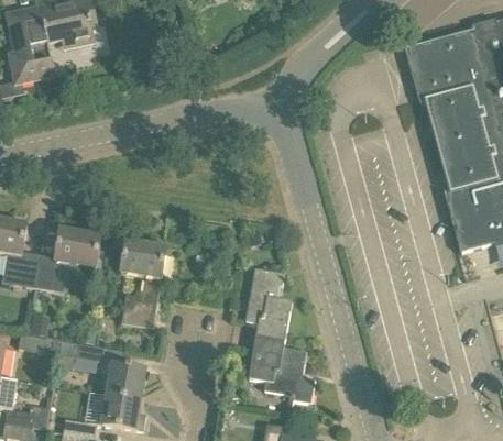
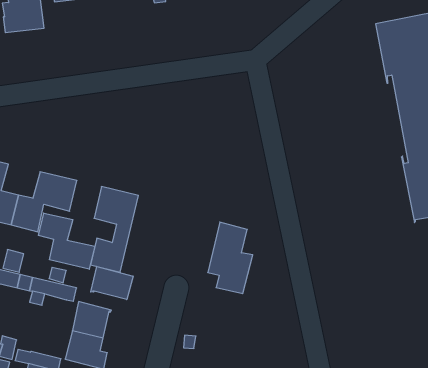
building: none -> [38,213,95,269]
building: none -> [91,266,133,300]
building: [249,337,315,403] -> none

